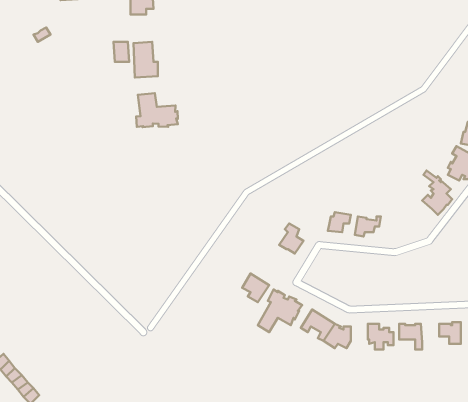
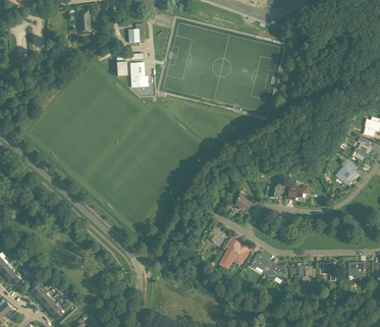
building: [136,93,178,127] -> none

